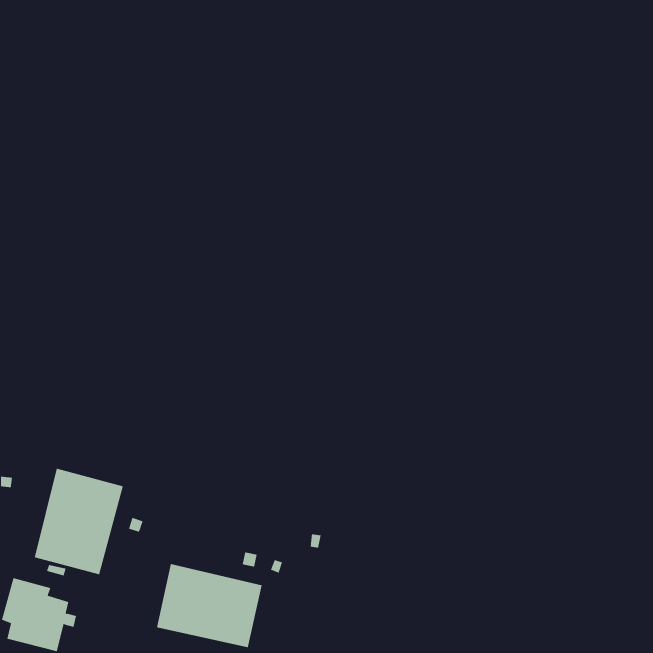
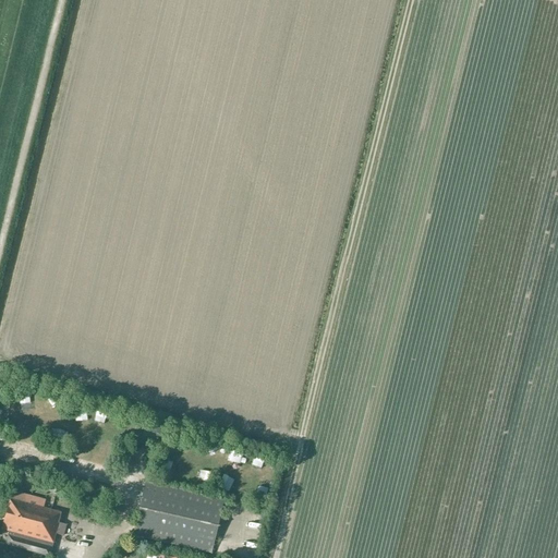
building: [34,468,123,575] -> none

